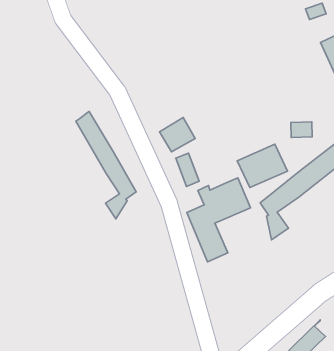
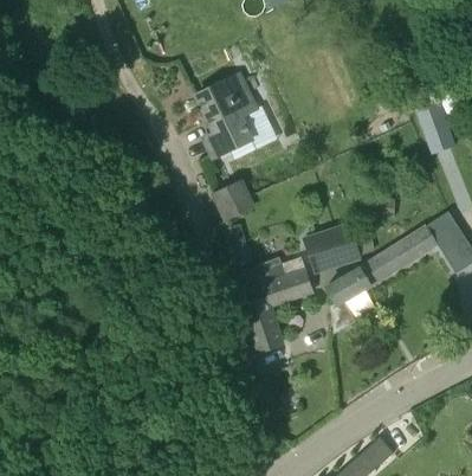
building: none -> [196,73,259,156]
building: [76,111,136,219] -> none

